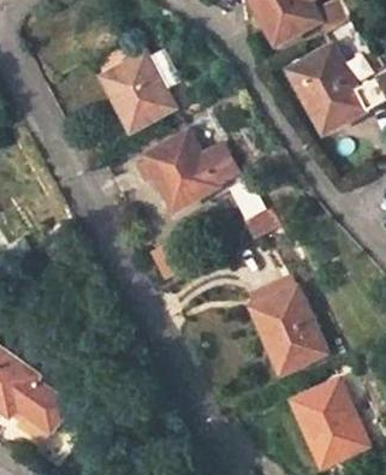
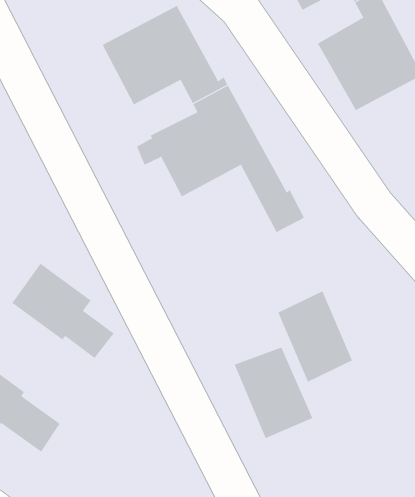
building: none -> [11,263,115,359]
building: [293,384,363,464] -> [234,347,313,439]

